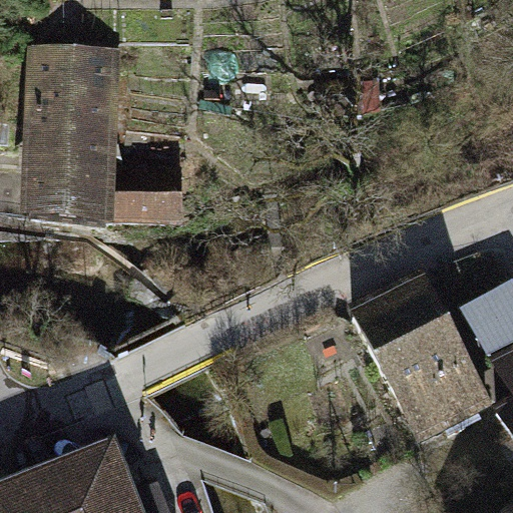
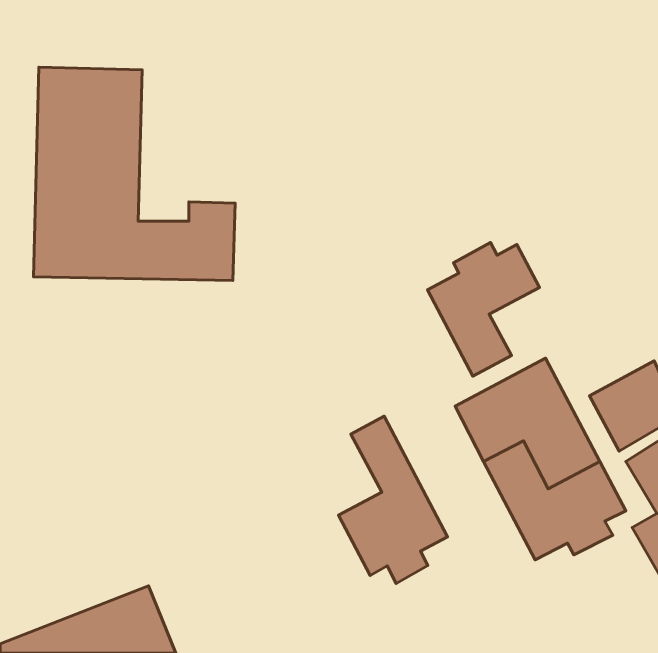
building: none -> [428,242,539,376]
building: none -> [339,416,447,583]

